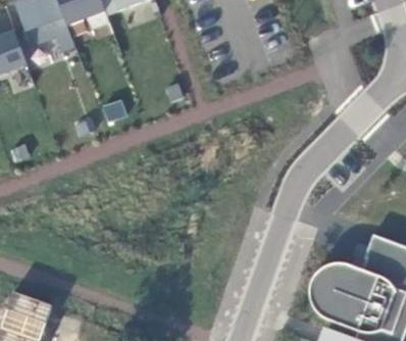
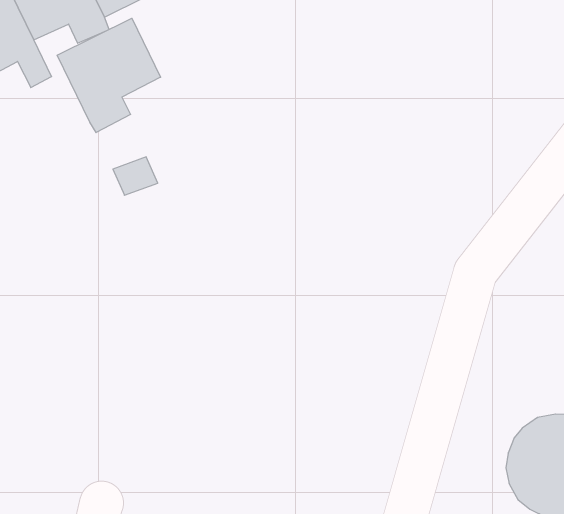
building: none -> [57,18,161,133]

